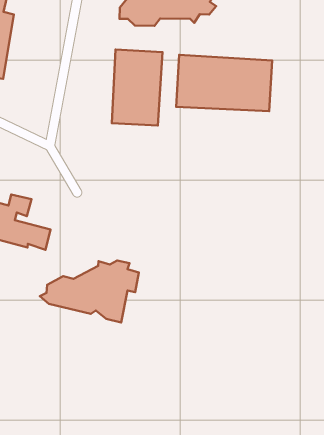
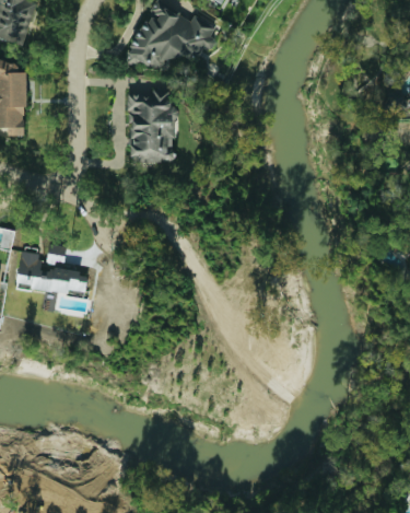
building: [176,55,272,111] -> none
building: [40,261,139,323] -> none

